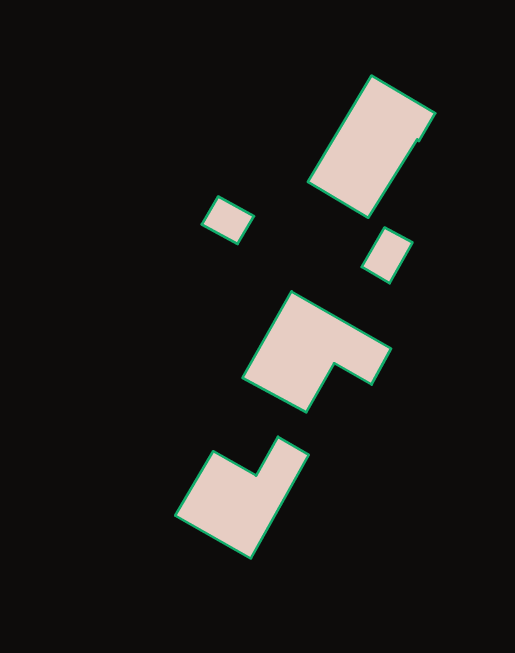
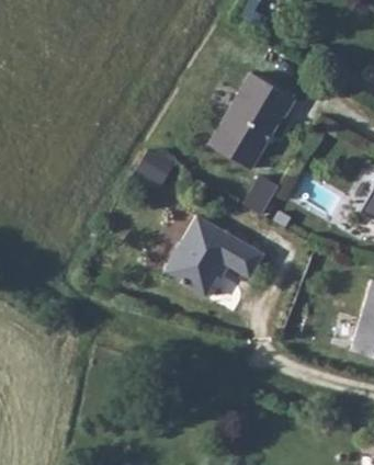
building: [175,437,309,558] -> none

